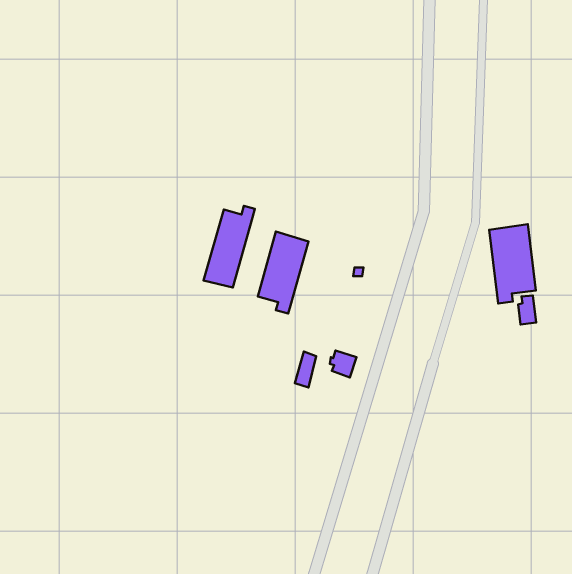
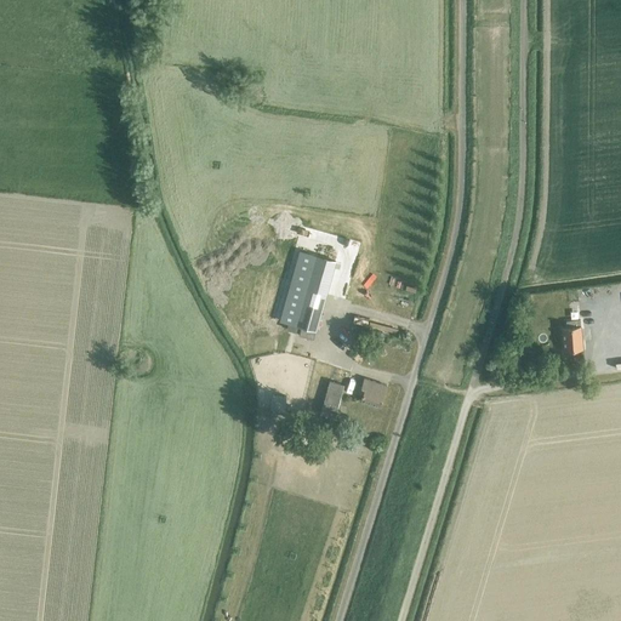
building: [204,206,255,288] -> none
building: [489,224,536,303] -> none

